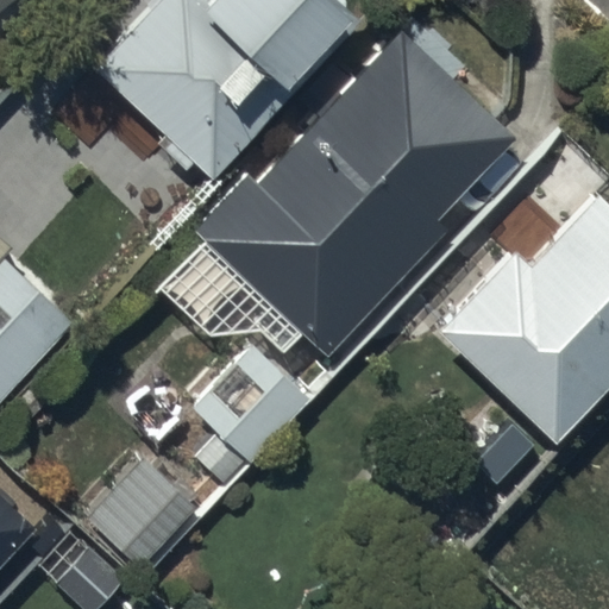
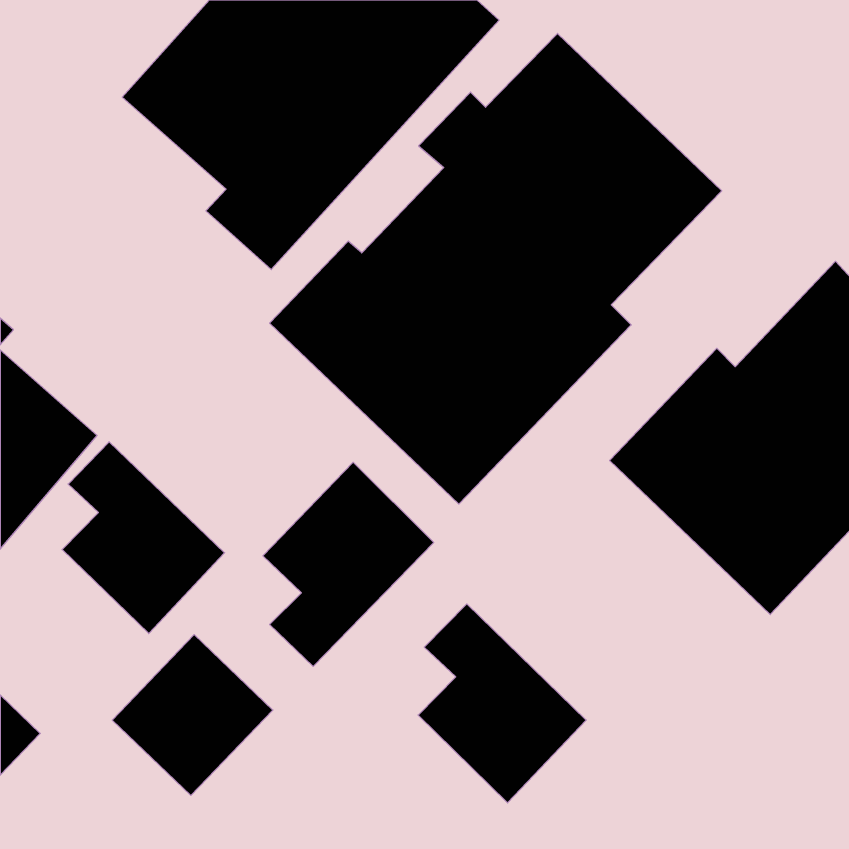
building: none -> [62,442,225,634]
building: none -> [418,604,586,803]

